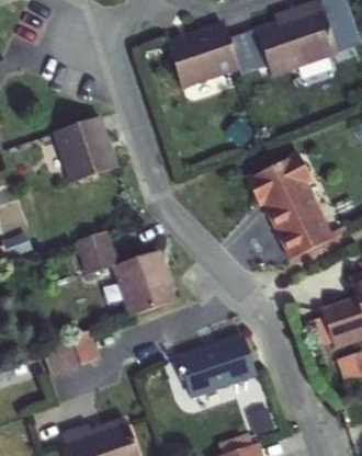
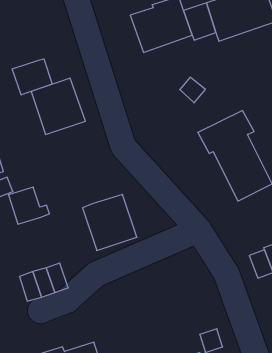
building: none -> [12,59,52,95]
building: [77,231,124,274] -> [8,187,49,224]
building: [177,335,256,397] -> none

